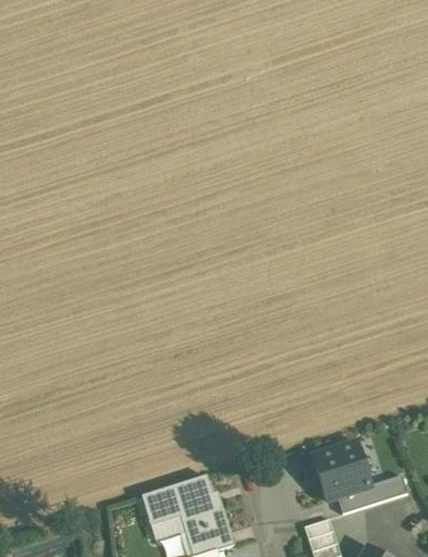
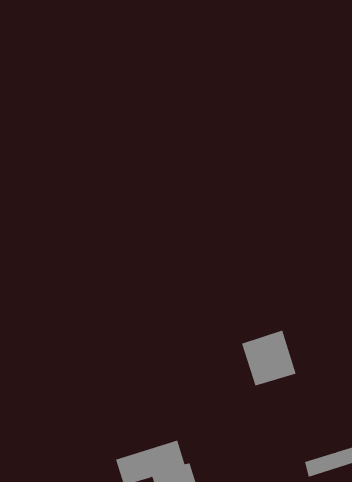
building: [311,442,369,500] -> [241,330,296,386]

